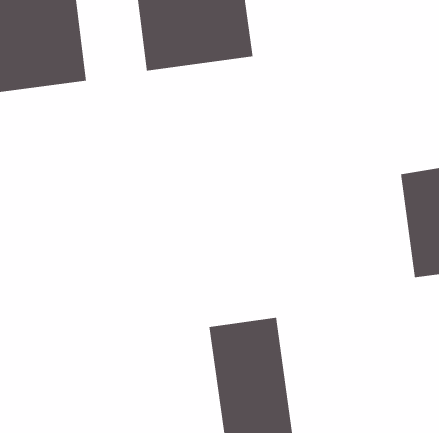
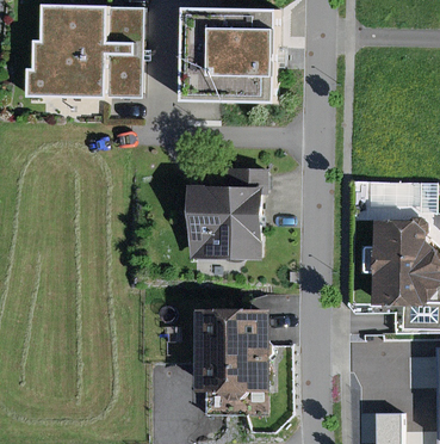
building: none -> [184,167,266,258]

